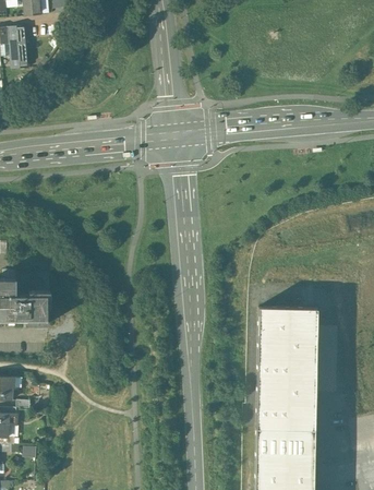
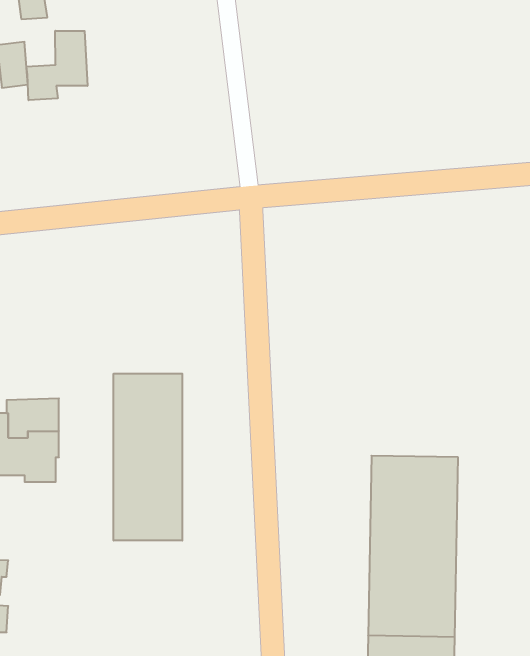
building: none -> [26,31,87,100]
building: none -> [114,374,182,541]

